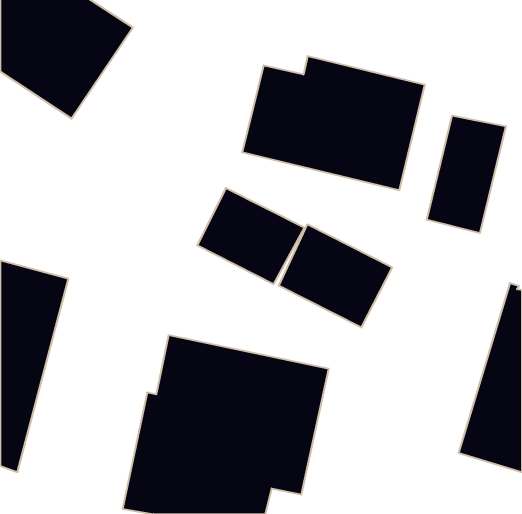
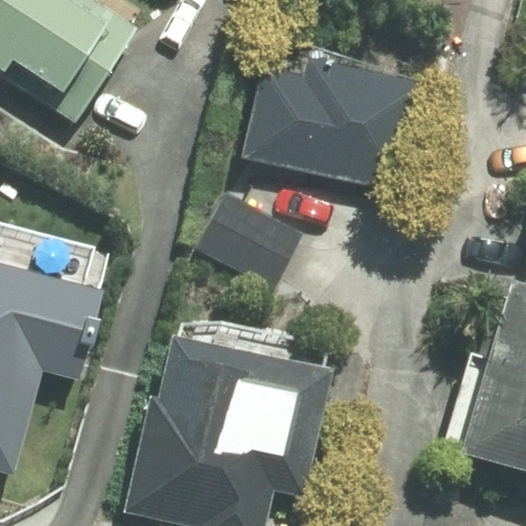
building: [427,116,506,233] -> none
building: [279,224,392,328] -> none

